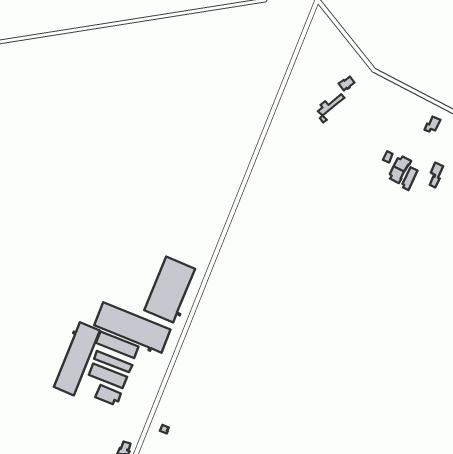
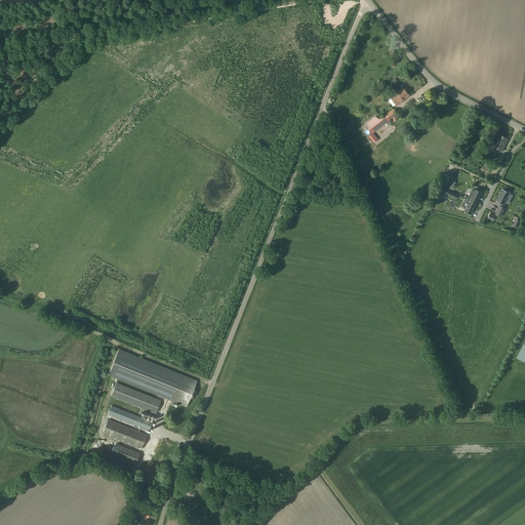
building: [144,257,195,322] -> none
building: [54,322,100,395] -> none

